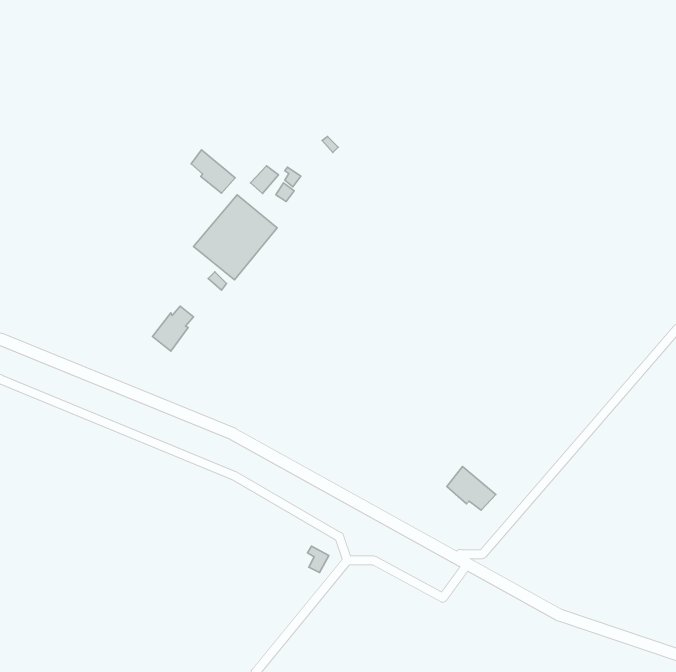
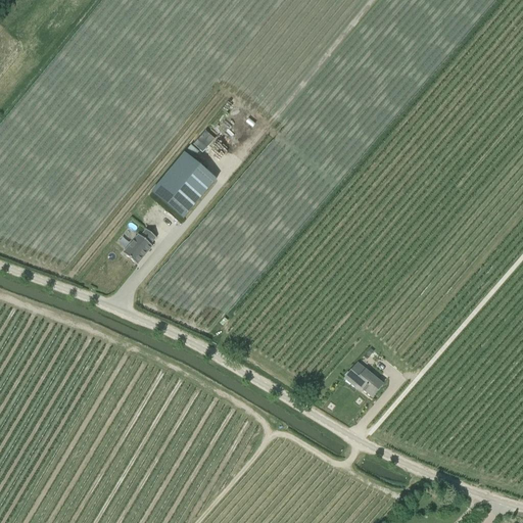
building: [191,150,235,193] -> none

